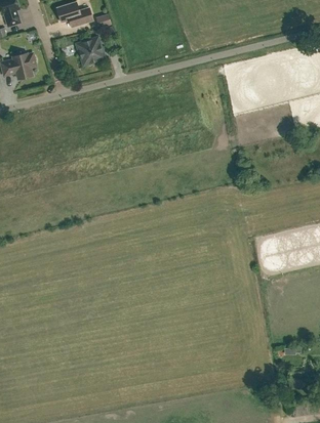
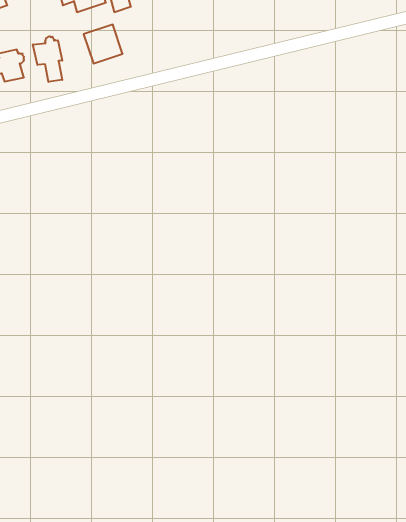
building: none -> [33,36,62,82]

